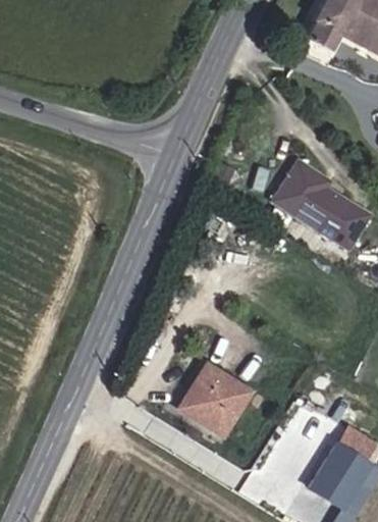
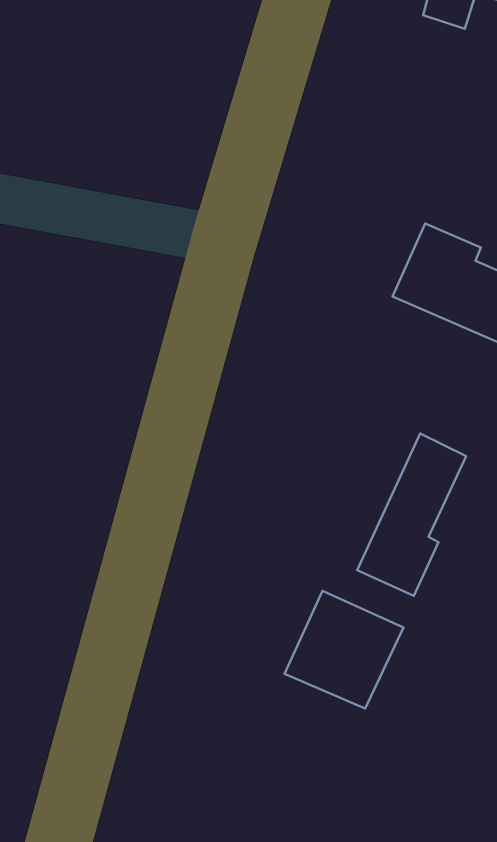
building: none -> [357,433,466,596]

